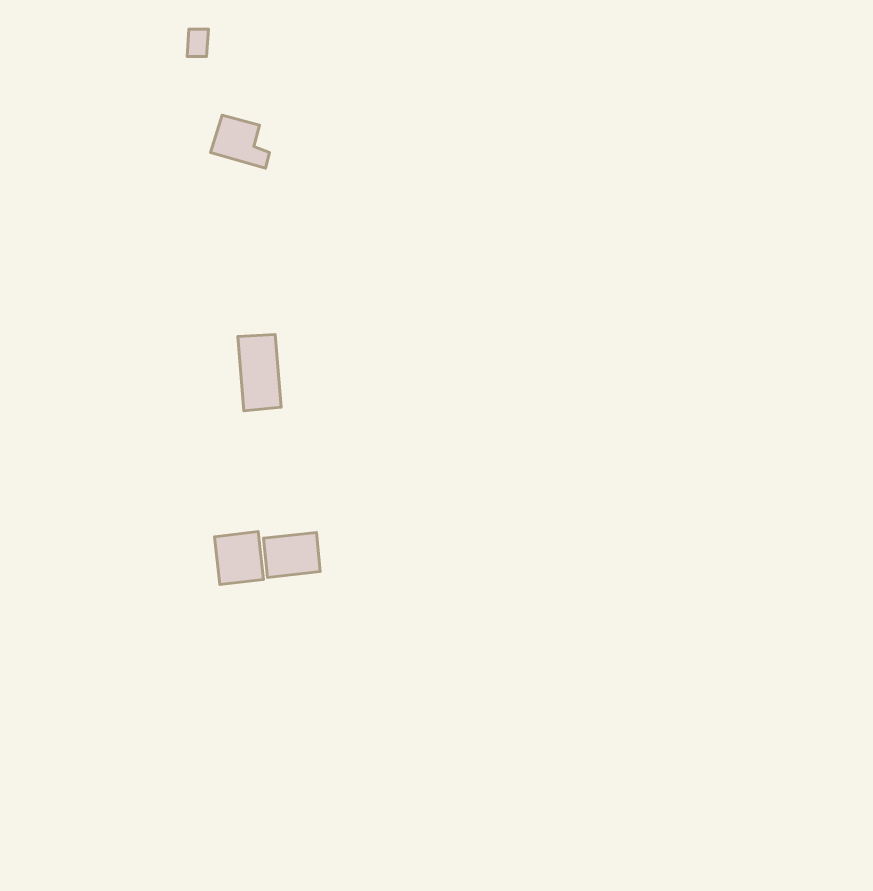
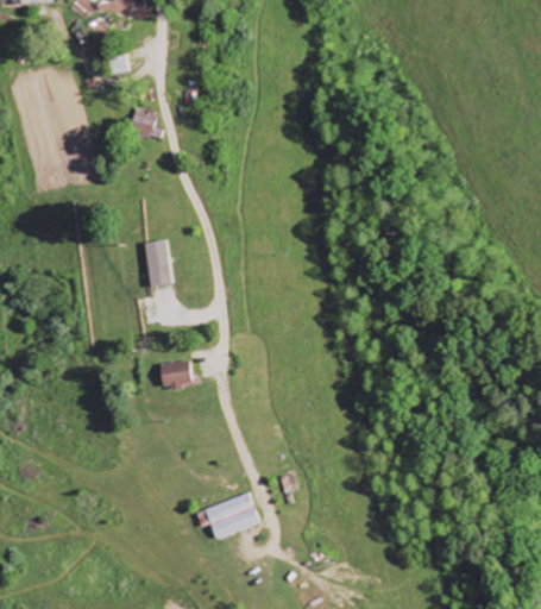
building: [215,532,264,585] -> none
building: none -> [202,492,258,539]

